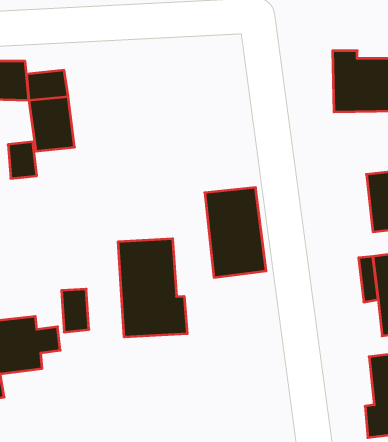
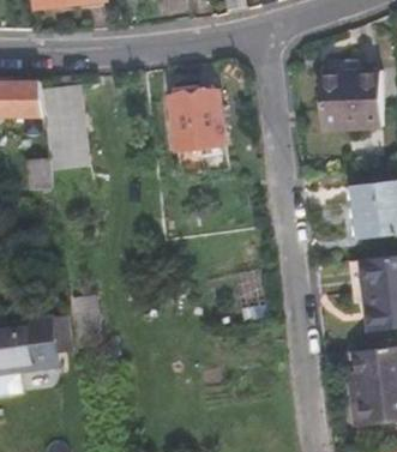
building: [205,188,266,277] -> [170,89,227,171]
building: [118,239,187,337] -> none

